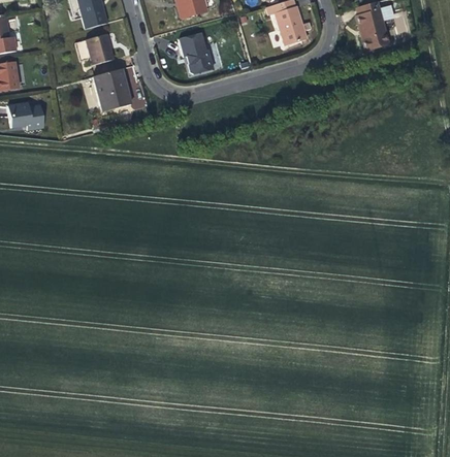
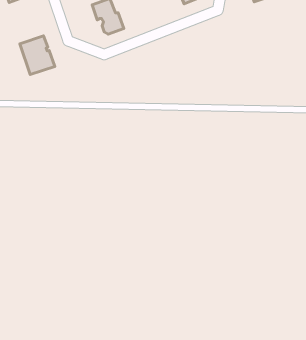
building: [86,34,115,65] -> none

